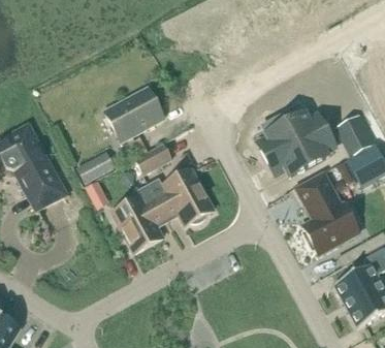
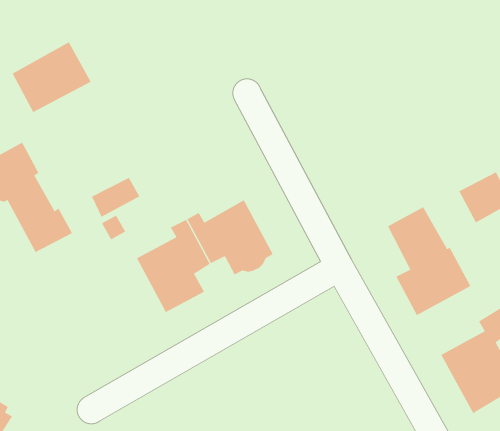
building: [105,87,164,139] -> [12,41,92,113]
building: [258,103,335,173] -> none
building: [338,116,374,154] -> none
building: [135,143,172,172] -> none

